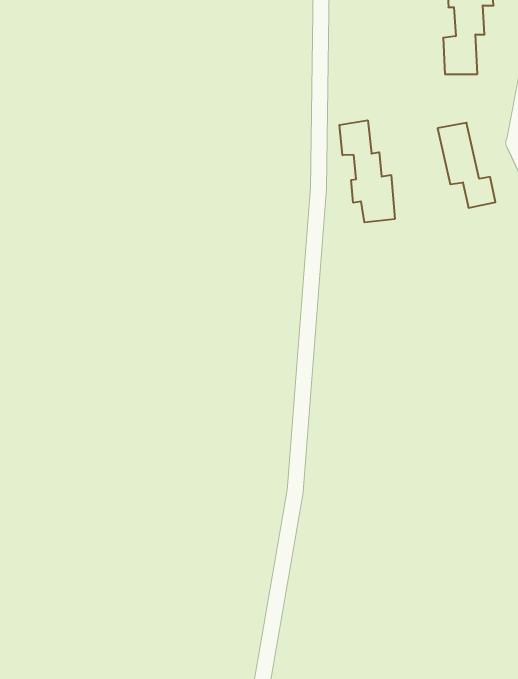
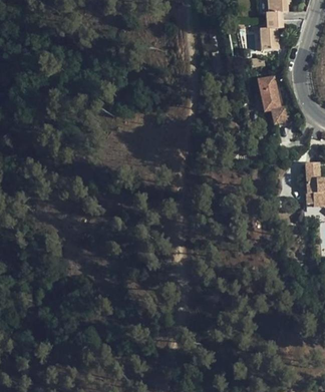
building: [339,120,395,222] -> none

